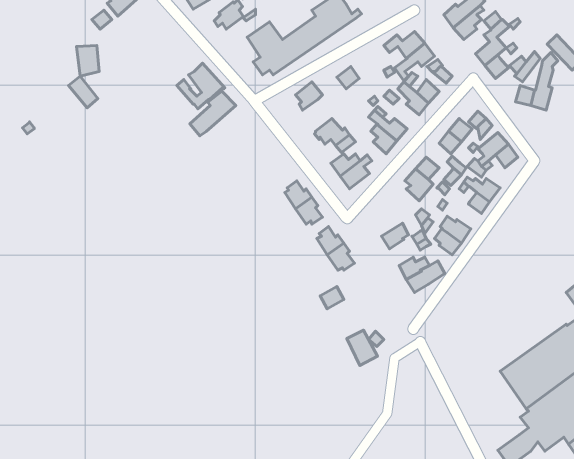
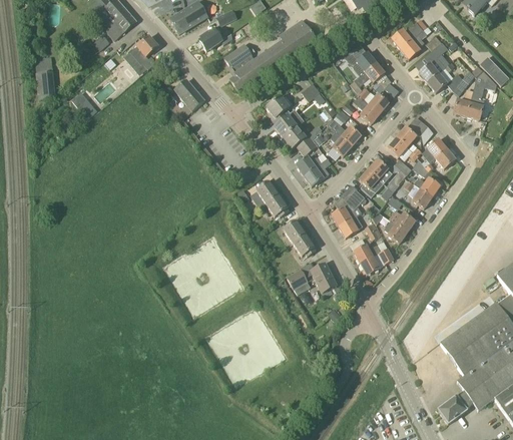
building: none -> [130,35,157,69]
building: [77,45,99,76] -> [36,72,55,98]
building: [190,91,236,136] -> none
building: none -> [272,108,304,137]
building: none -> [332,188,366,227]
building: [347,330,378,366] -> [311,263,337,293]

